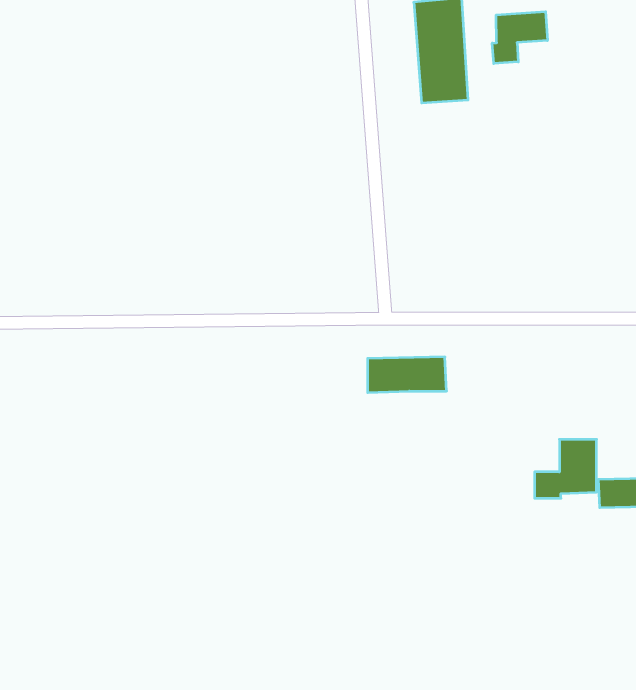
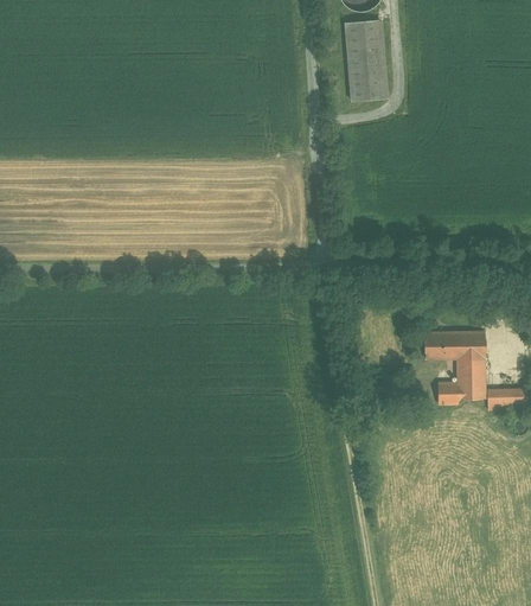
building: [492,12,547,64] -> none
building: [368,357,447,393] -> [424,331,485,358]

